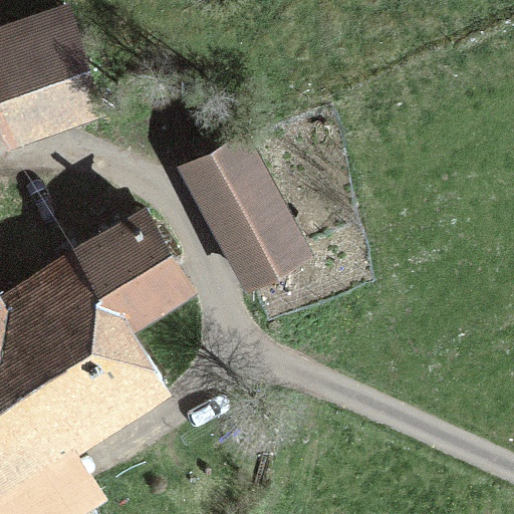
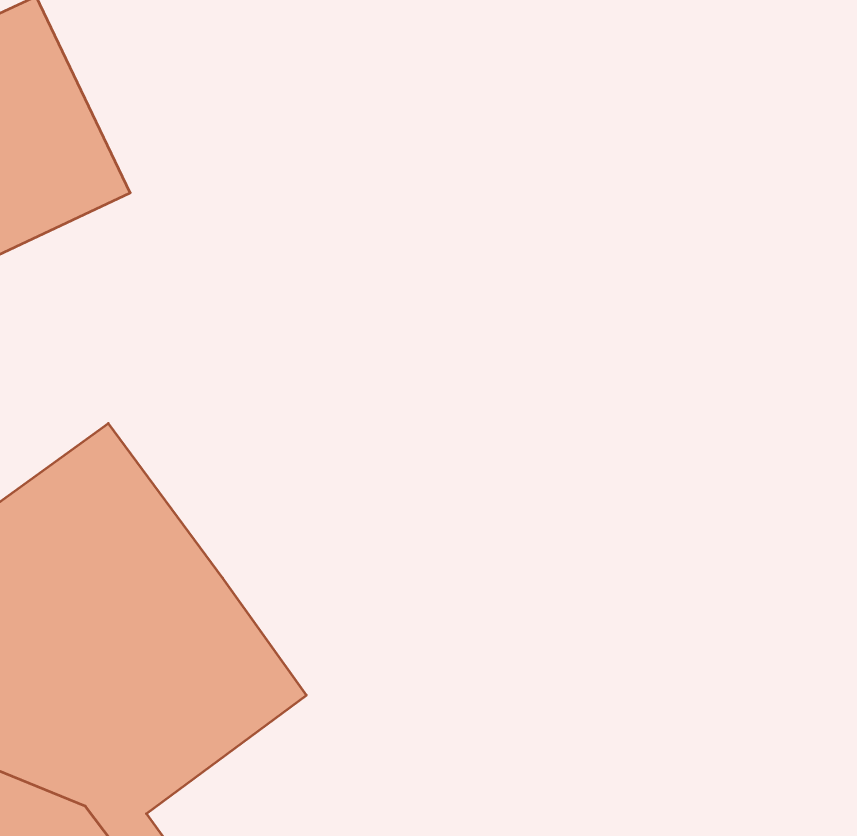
building: [178,133,312,291] -> none
building: [79,204,194,329] -> none

